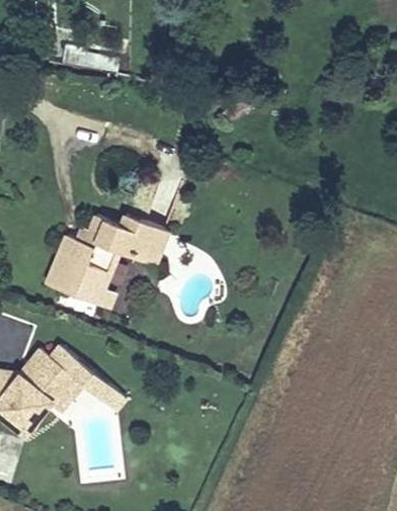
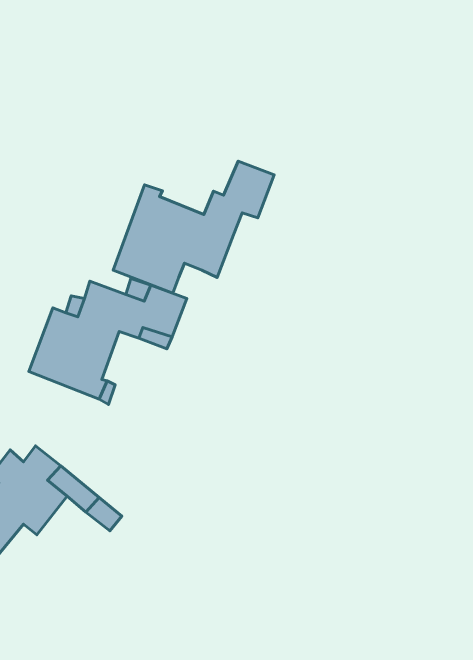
building: none -> [113,161,274,293]

